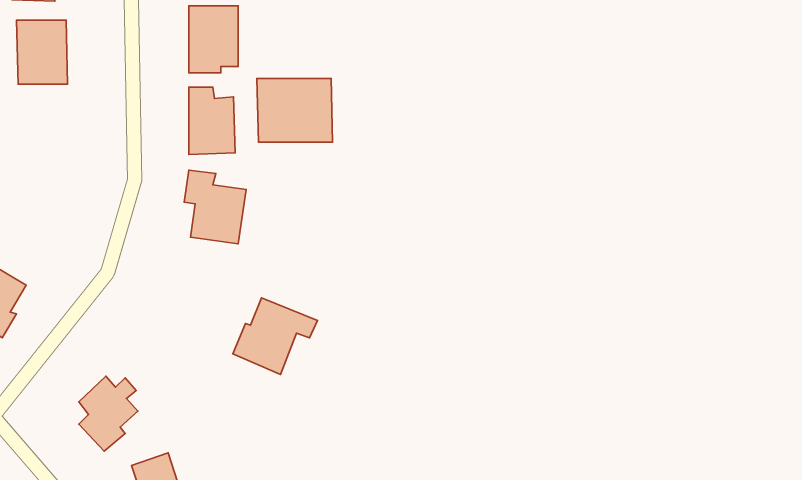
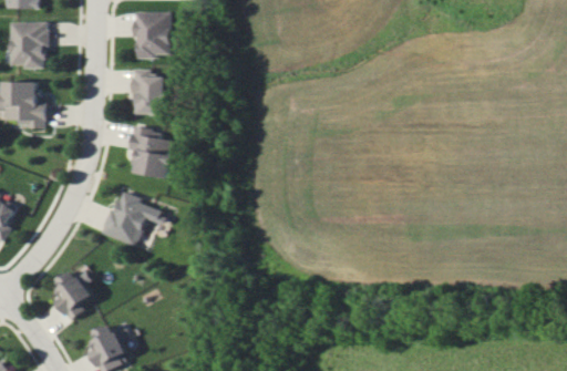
building: [257,78,333,142] -> none
building: none -> [7,81,49,128]
building: [233,298,317,375] -> [103,193,162,246]

